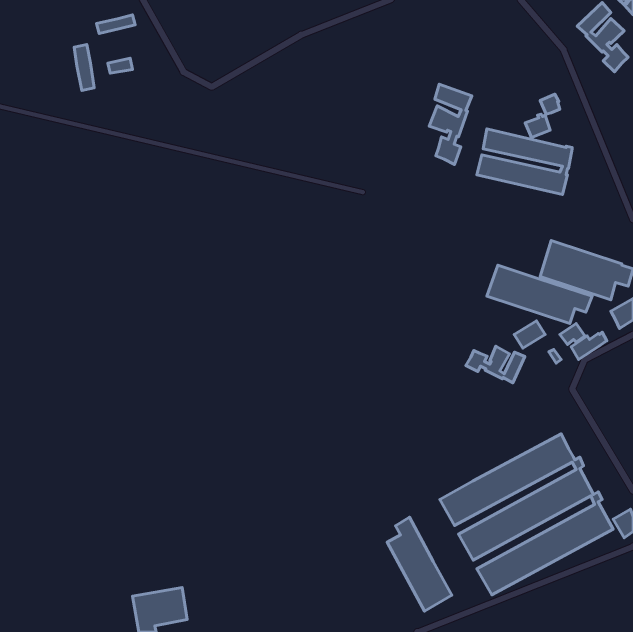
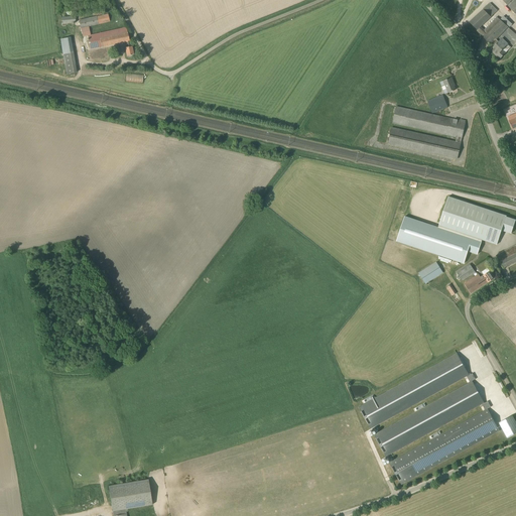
building: none -> [88,26,134,55]
building: [429,84,472,165] -> none
building: [466,346,525,383] -> none
building: [387,517,452,611] -> none

